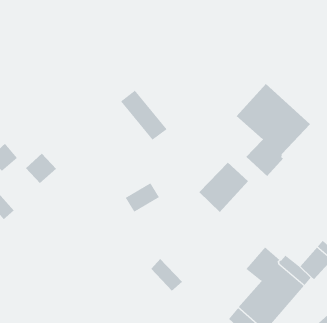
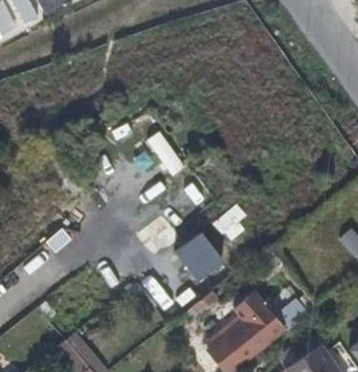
building: [236,83,311,177] -> none
building: none -> [175,233,224,282]

